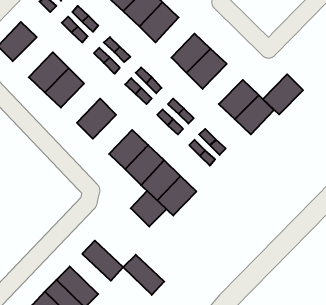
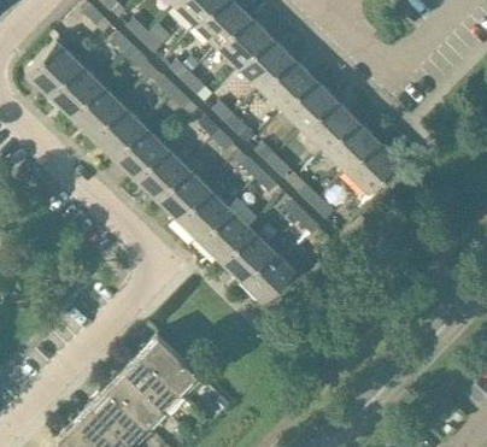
building: none -> [240,36,293,90]
building: none -> [47,63,101,117]
building: [263,74,303,114] -> [304,99,358,153]
building: none -> [112,125,165,178]
building: none -> [156,167,209,220]
building: [131,191,166,227] -> none
building: [123,255,164,295] -> [124,355,180,410]

